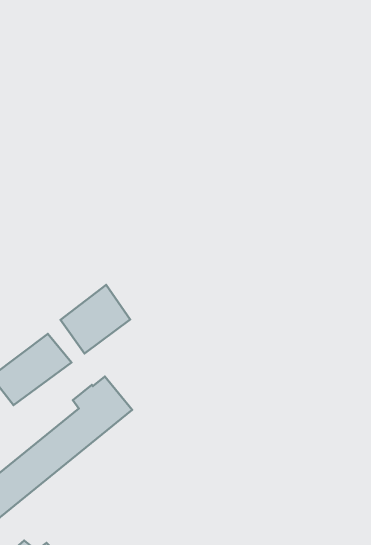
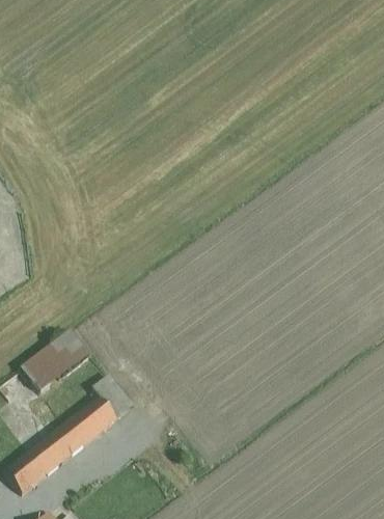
building: [60,285,130,354] -> none

